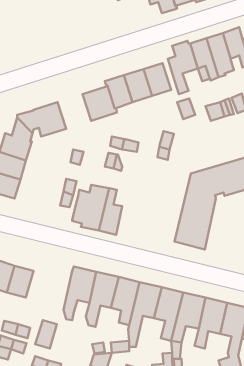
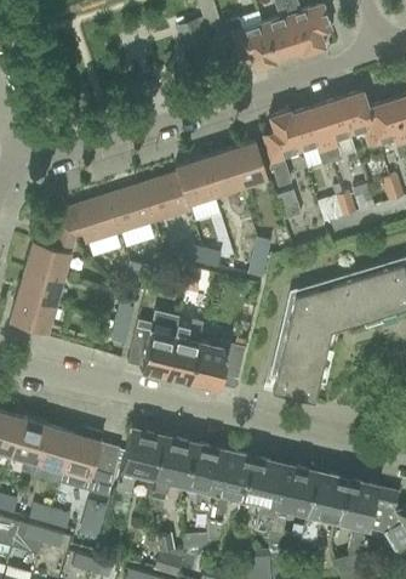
building: none -> [107,185,154,233]
building: none -> [189,342,244,390]
building: none -> [58,430,119,496]

